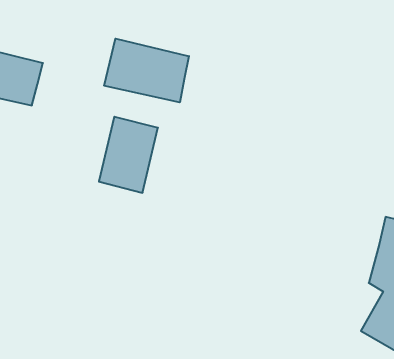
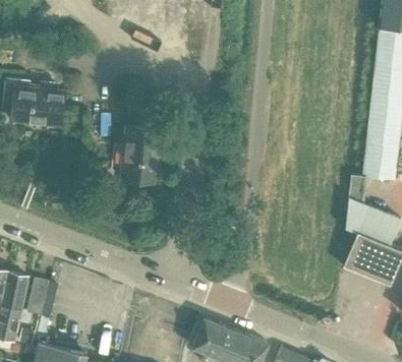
building: [104,39,189,102] -> none

